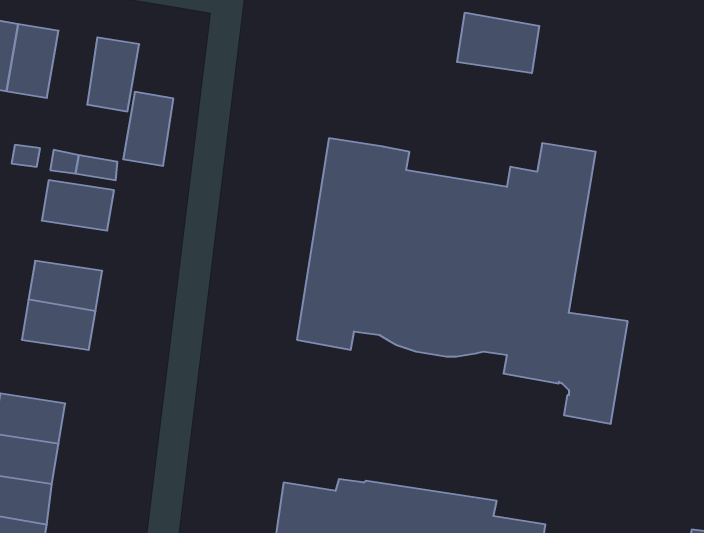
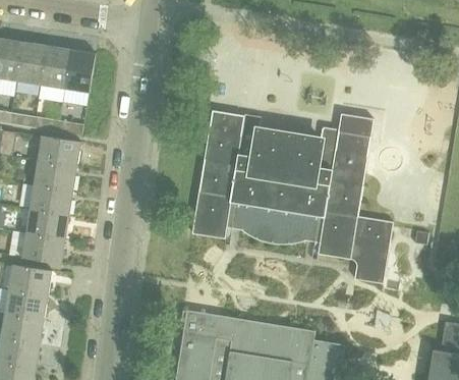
building: [457,13,539,73] -> none
building: [123,92,173,166] -> [40,46,70,91]
building: none -> [33,161,76,192]
building: none -> [20,233,65,266]

